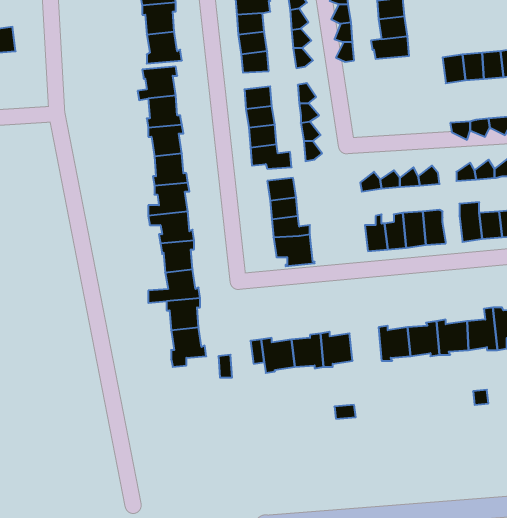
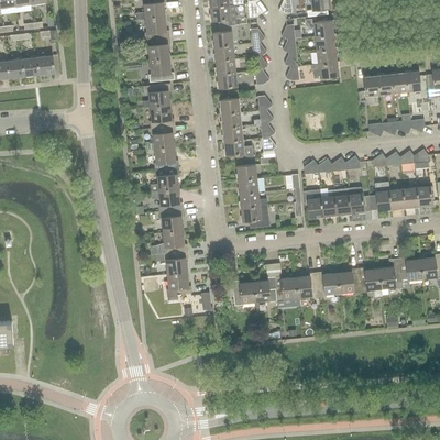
building: none -> [296,272,319,297]

